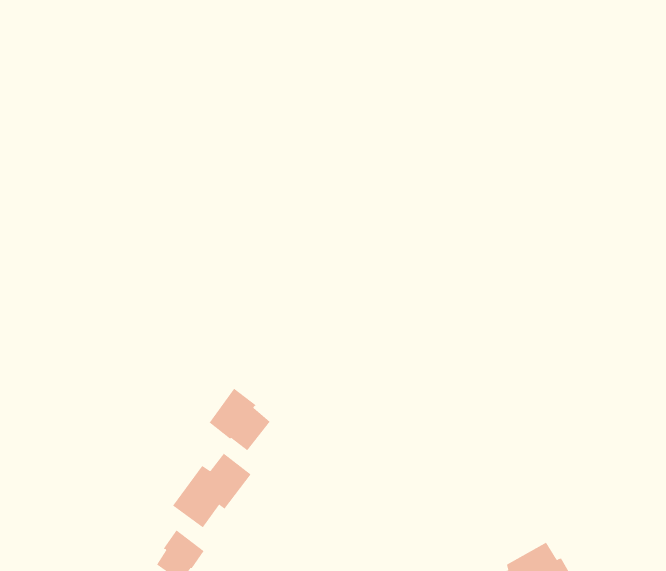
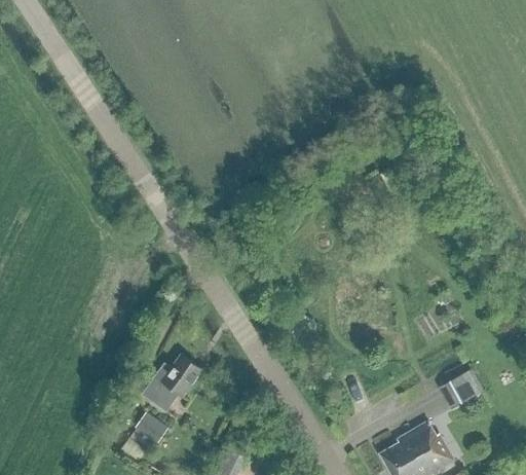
building: [209,388,271,451] -> none
building: none -> [445,367,485,403]

